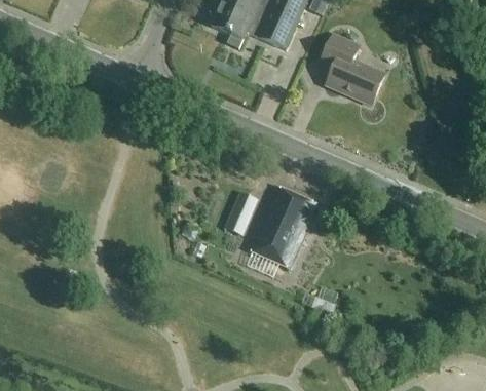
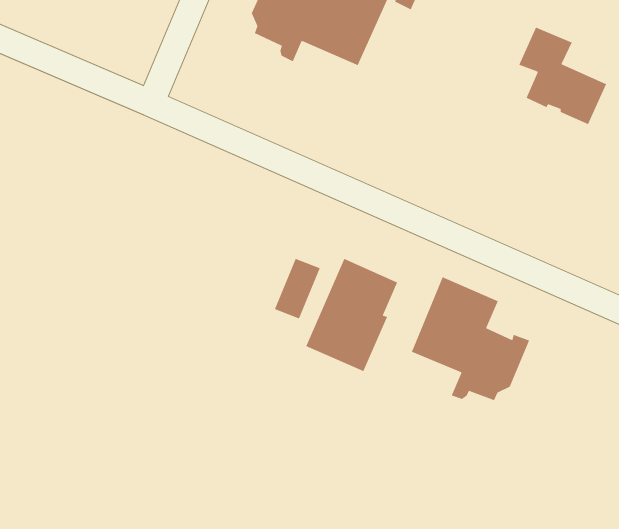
building: [321,33,384,104] -> [518,27,607,125]
building: none -> [411,276,530,401]

